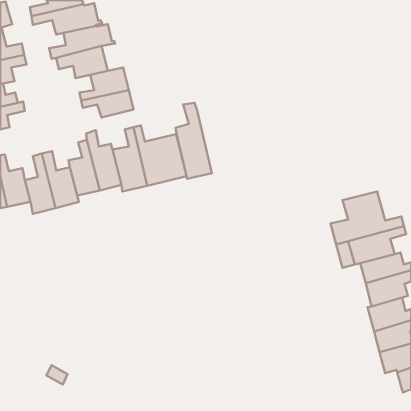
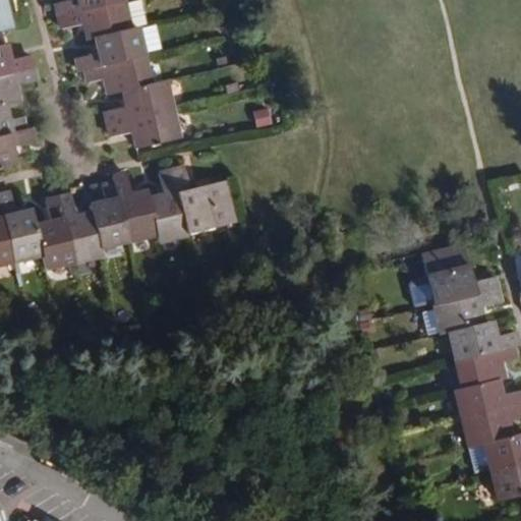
building: [175,103,212,179] -> none

